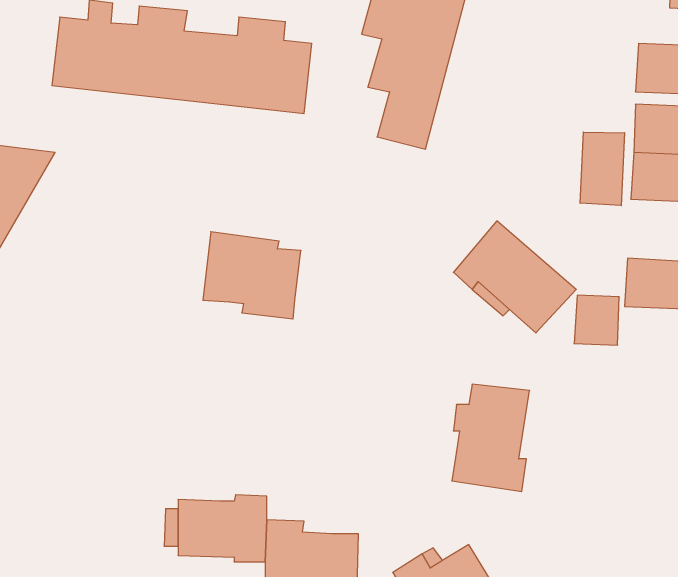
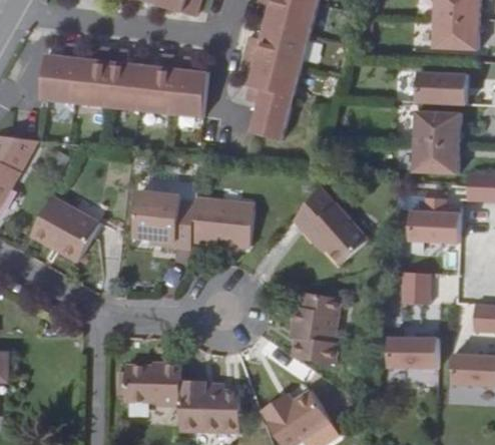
building: [580,132,625,206] -> none
building: none -> [33,195,99,263]
building: none -> [195,199,257,244]
building: [574,295,619,345] -> [400,272,429,304]
building: none -> [386,337,437,370]

